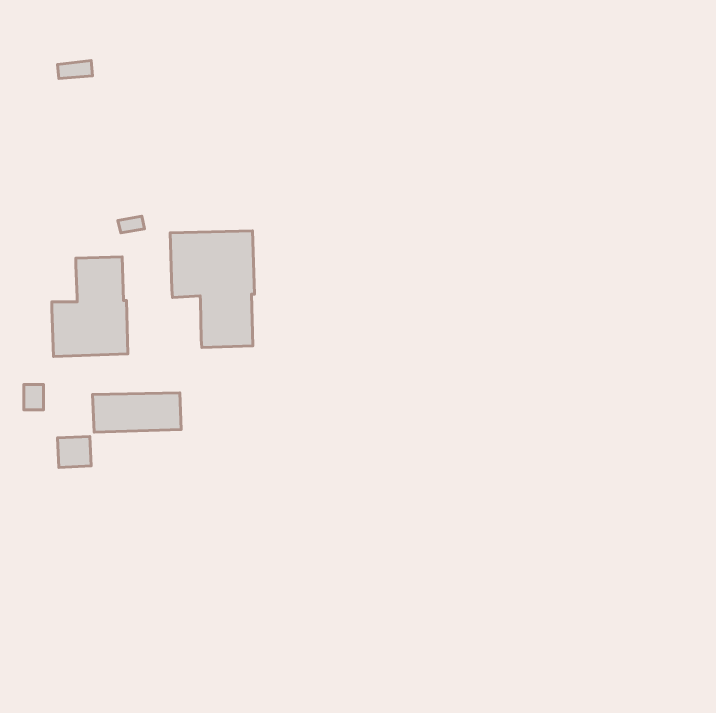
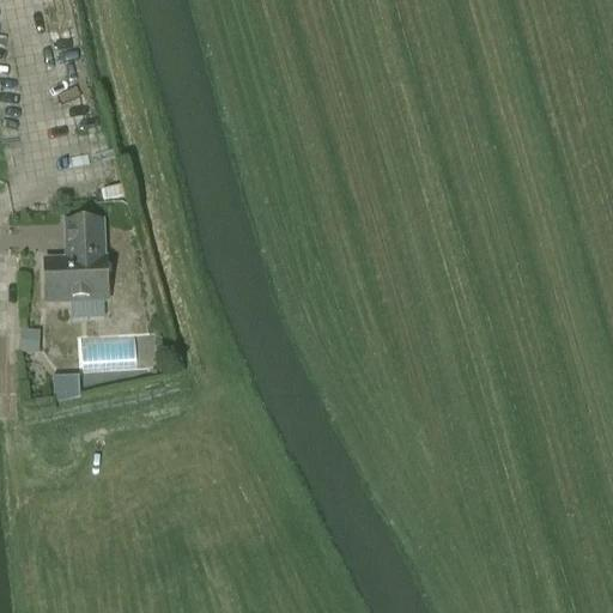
building: [170,231,255,347] -> none

